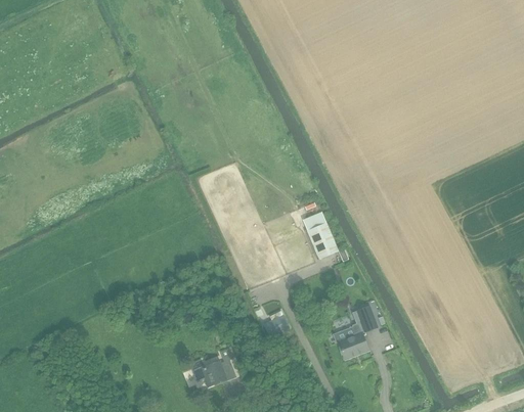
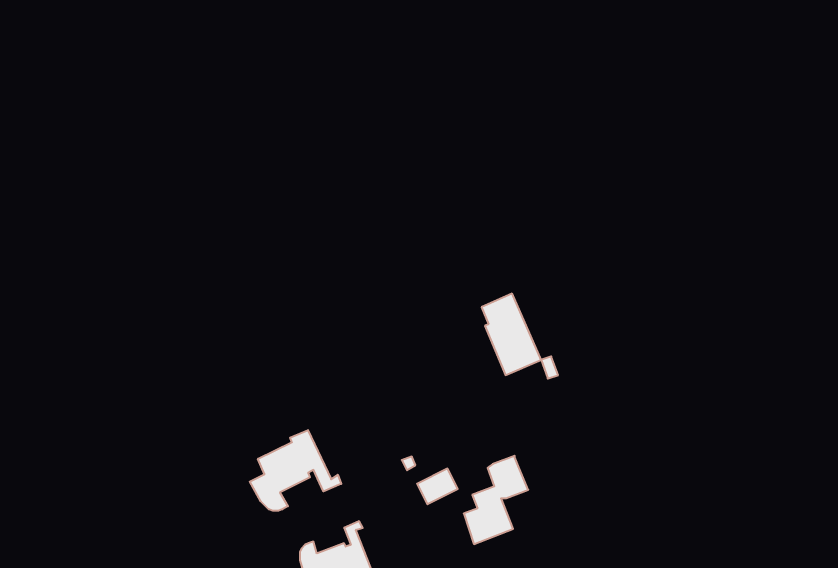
building: none -> [250,430,341,511]
building: [338,306,377,359] -> [464,456,528,544]

